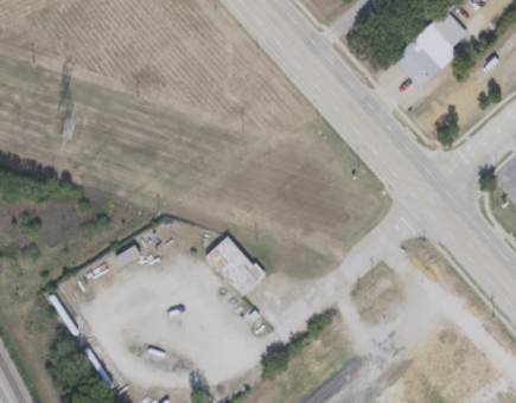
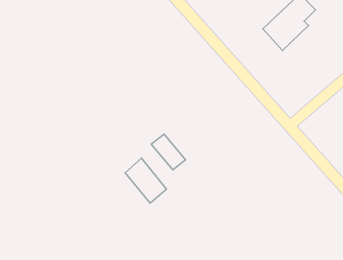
building: none -> [151,134,185,170]

